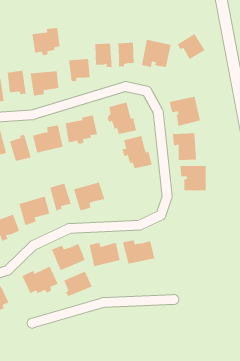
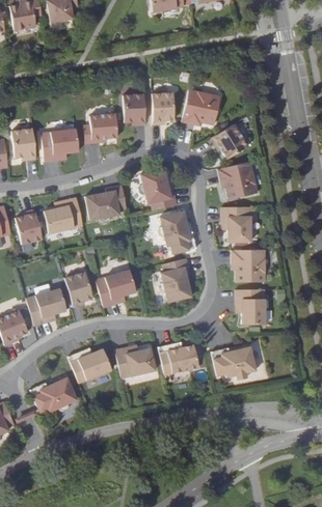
building: [32,27,60,56] -> none
building: [177,33,206,60] -> [211,123,247,158]
building: none -> [159,258,191,302]
building: none -> [236,288,265,323]
building: none -> [211,346,256,379]
building: [64,271,93,297] -> none

